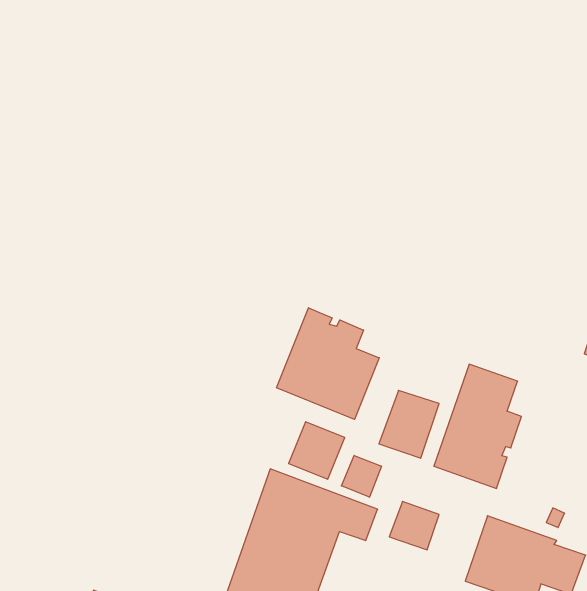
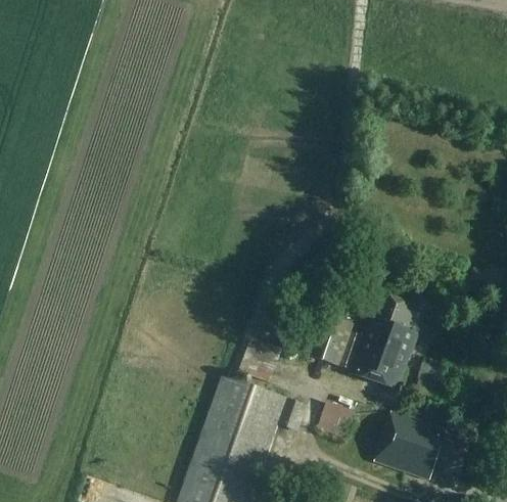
building: [276,308,379,419] -> none
building: [341,455,381,497] -> none

